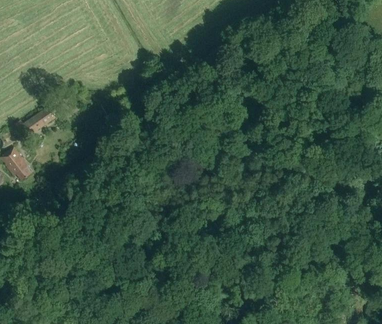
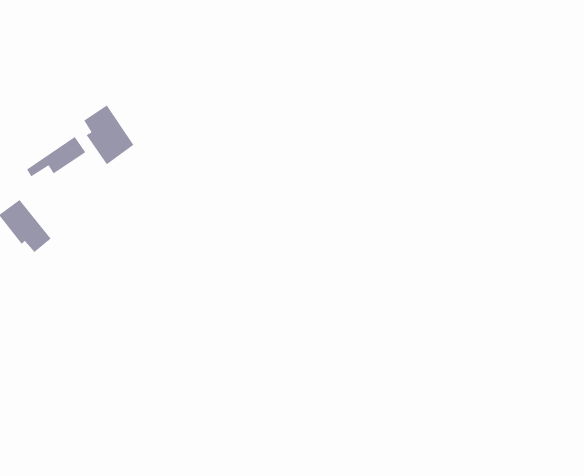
building: none -> [83,105,134,165]

